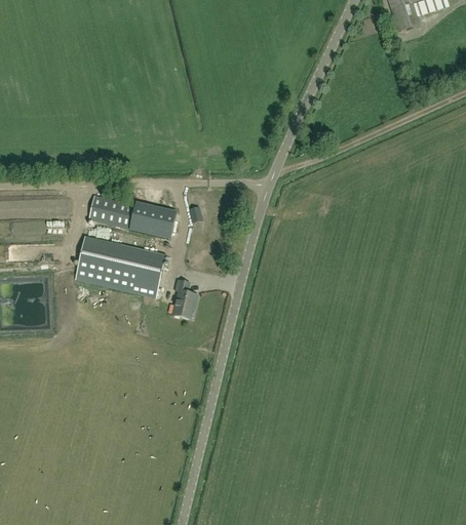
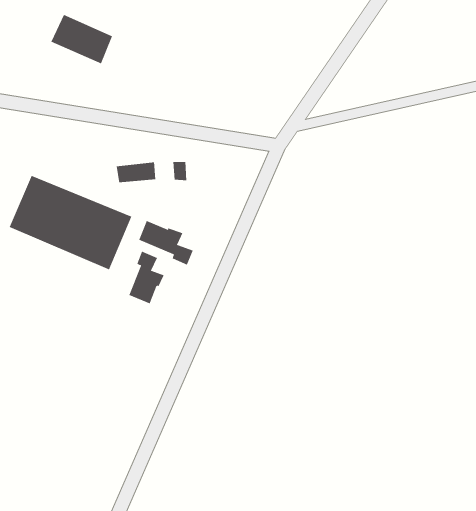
building: [88,195,134,228] -> [50,14,113,64]
building: none -> [138,220,194,265]

